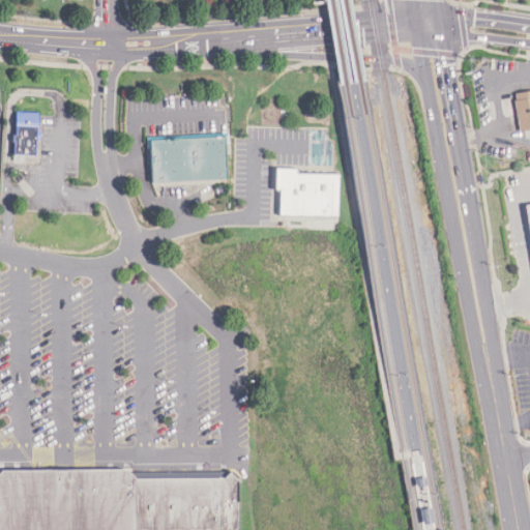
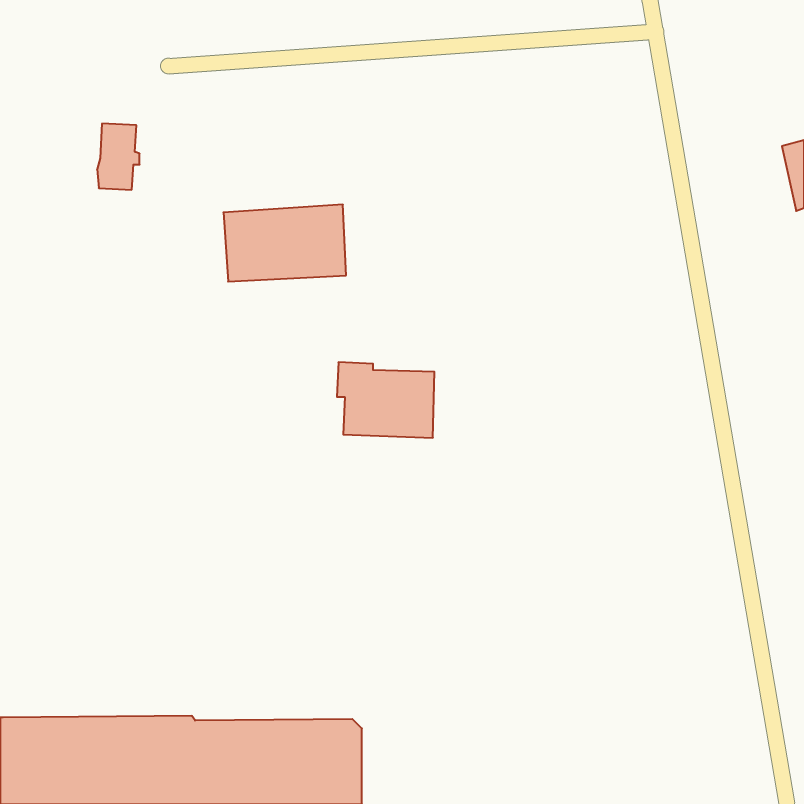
building: [13,114,41,157] -> [97,124,140,190]
building: [275,169,340,218] -> [337,362,434,438]

